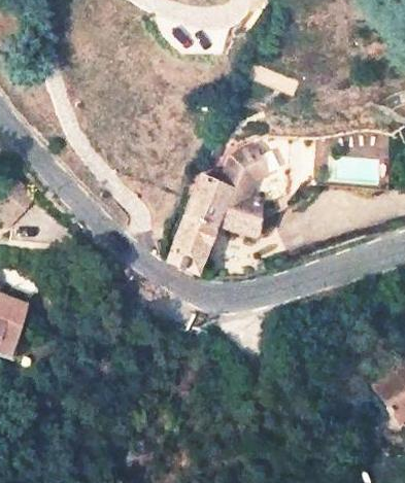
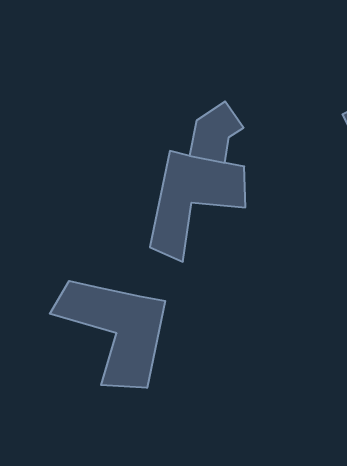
building: none -> [50,281,165,388]

